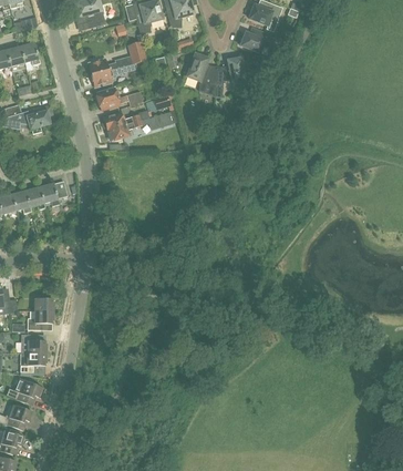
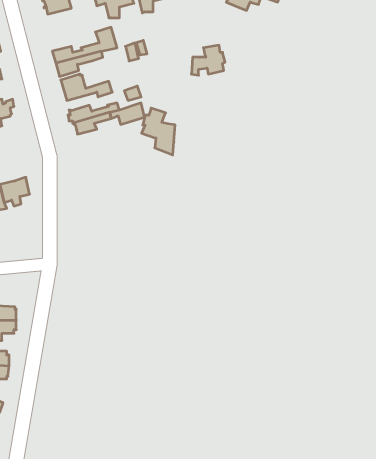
building: [239,25,275,52] -> none
building: [186,52,217,95] -> [142,108,175,155]

